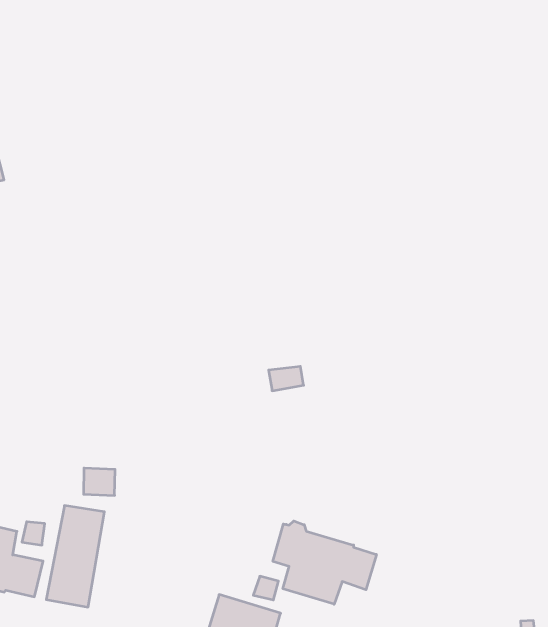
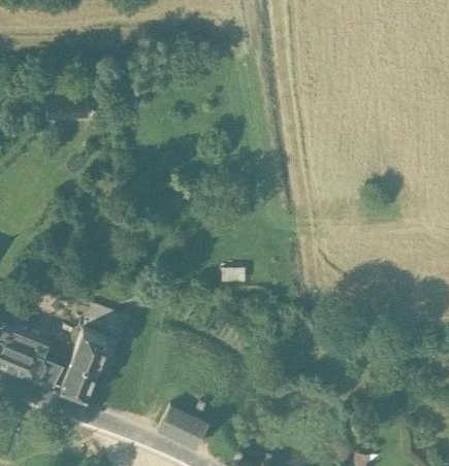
building: [273,521,376,604] -> none

